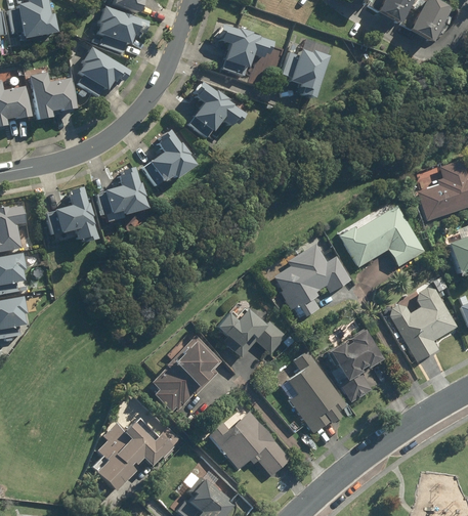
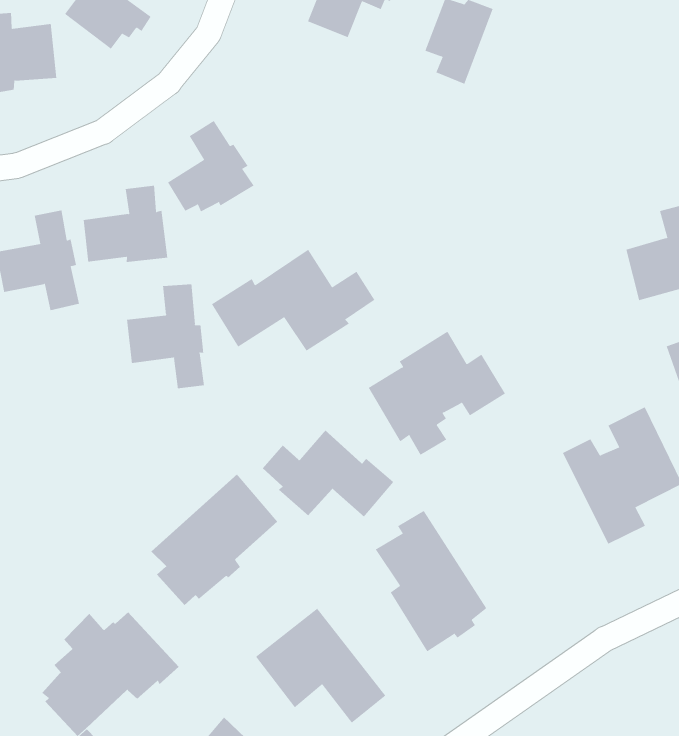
building: [190,82,246,139] -> none
building: none -> [211,249,375,352]
building: [337,204,424,269] -> none
building: none -> [126,283,204,389]
building: [324,329,379,403] -> none

